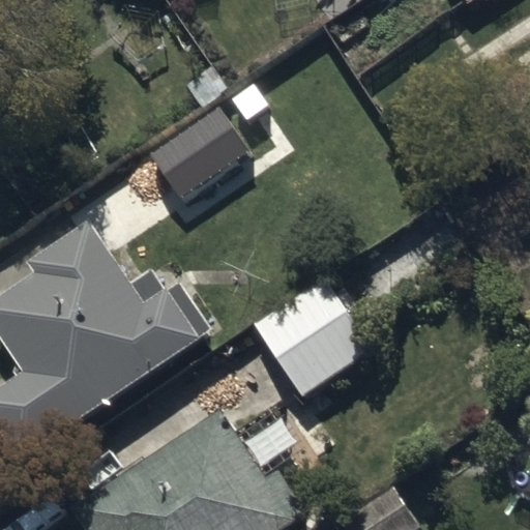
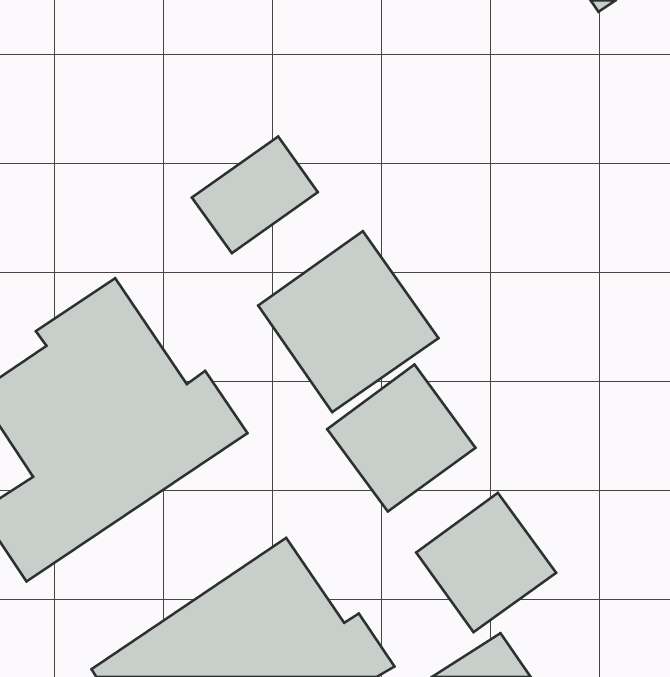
building: none -> [258,231,439,412]
building: none -> [416,493,556,632]

